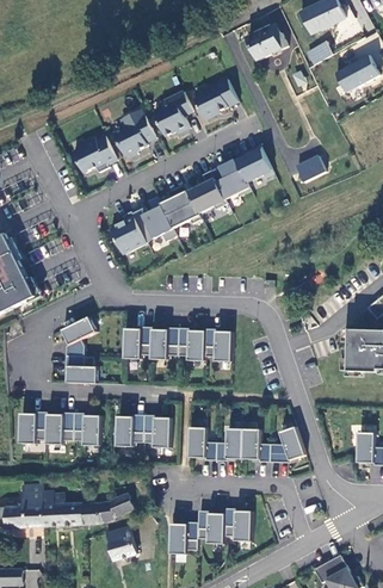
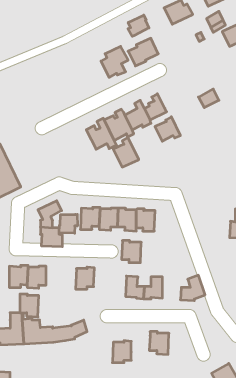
building: none -> [128,15,149,36]
building: [113,110,155,157] -> none
building: [72,136,116,174] -> none
building: [235,147,272,182] -> [155,117,180,141]
building: [109,211,146,254] -> [113,138,139,167]
building: none -> [59,214,77,233]
building: [73,413,100,446] -> [20,294,39,317]
building: [142,415,171,447] -> [122,241,141,263]
building: [242,428,270,462] -> none
building: [197,510,224,544] -> none
building: [104,526,136,559] -> none

